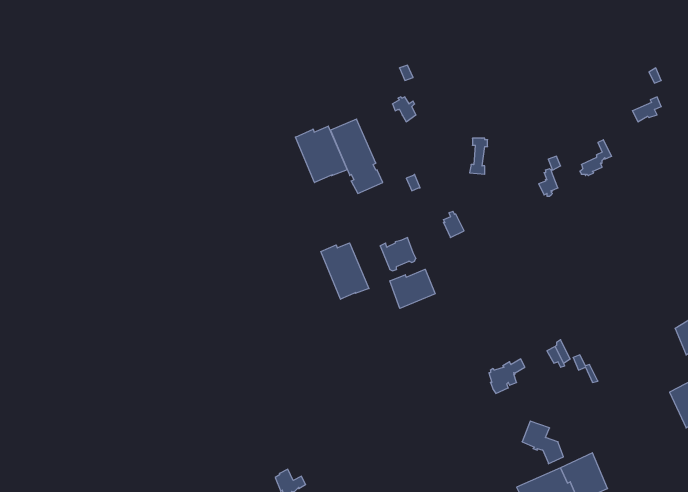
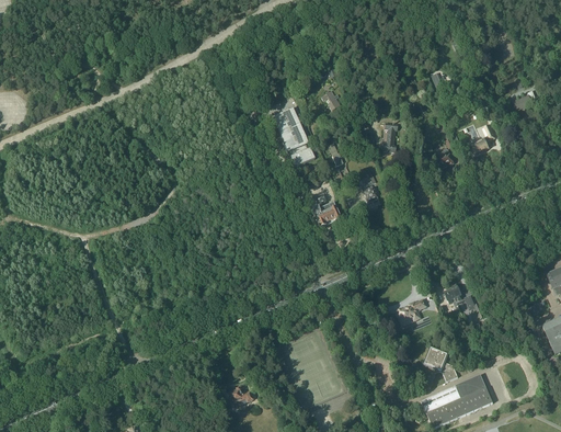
building: [295,126,347,183] -> none
building: [321,243,369,299] -> none
building: [390,269,435,308] -> none

